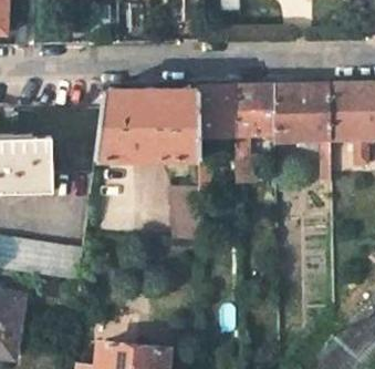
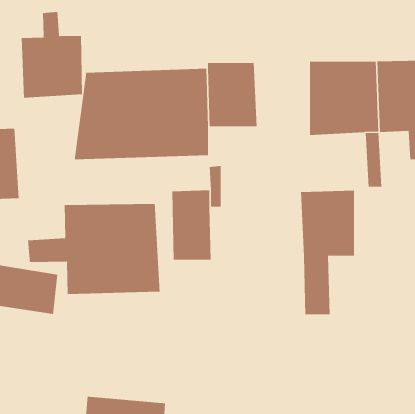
building: none -> [21,11,83,99]
building: [233,84,275,181] -> [300,190,355,315]
building: none -> [28,203,160,295]

